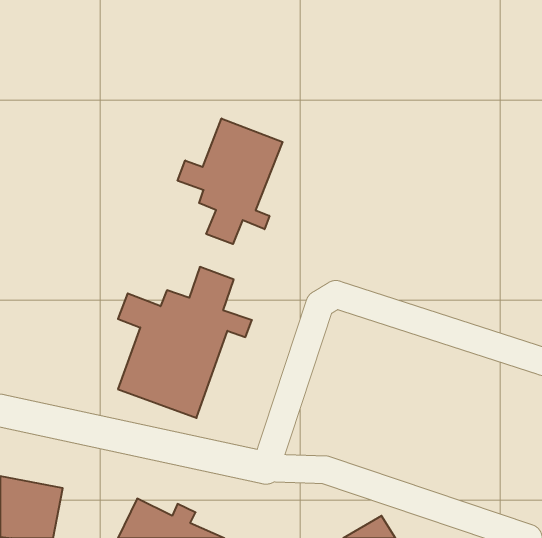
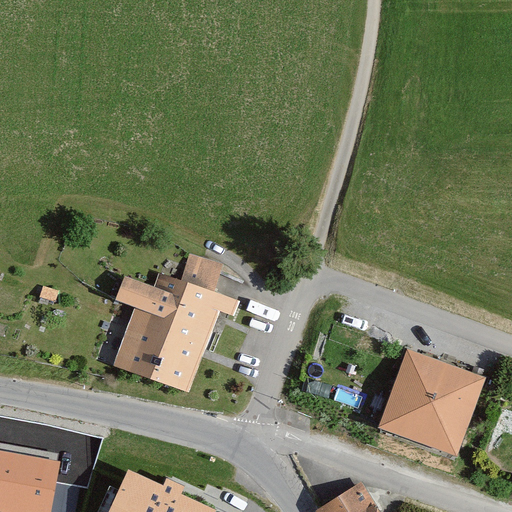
building: [178,118,283,244] -> none
building: none -> [378,352,482,457]

